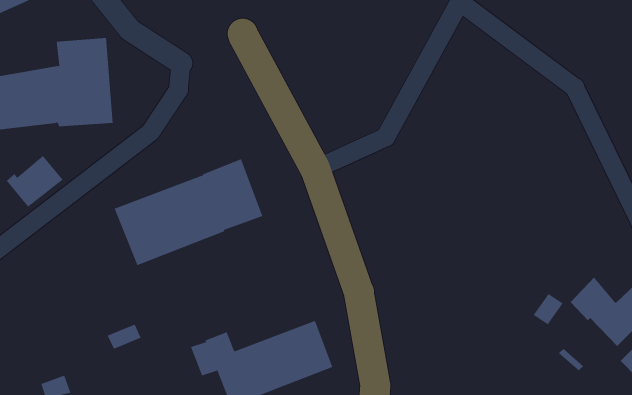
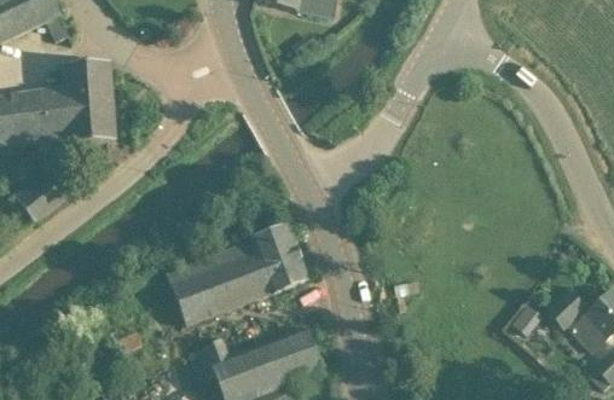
building: [114,159,263,266] -> [166,222,307,324]

